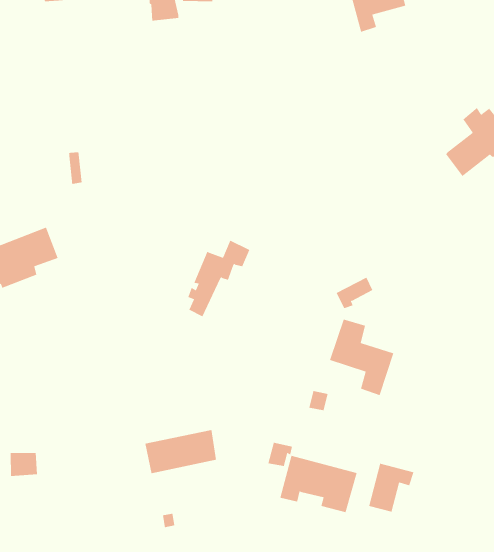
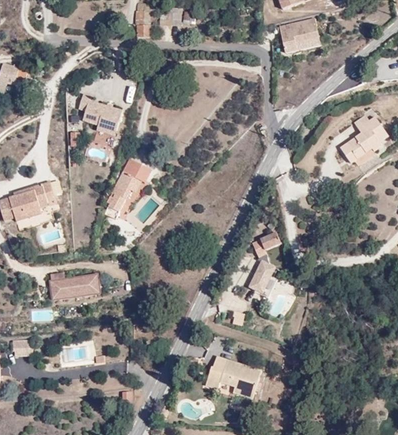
building: none -> [78,93,123,136]
building: [188,240,250,317] -> [106,164,153,218]
building: [145,429,217,474] -> [50,272,101,301]
building: [368,463,414,512] -> none

